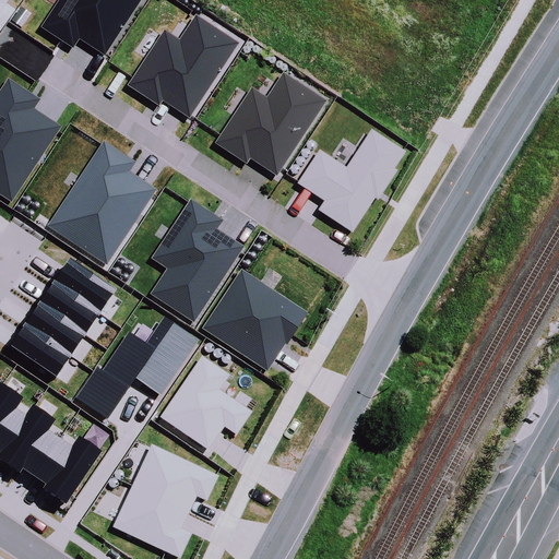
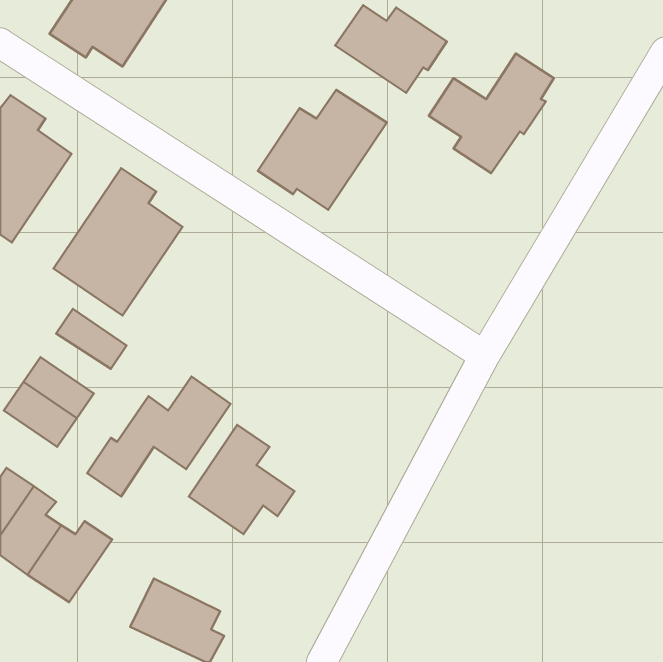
building: none -> [335,5,447,93]
building: [130,17,239,118] -> none
building: [299,132,404,233] -> [429,53,554,173]
building: [151,199,242,320] -> none
building: [202,270,306,369] -> none
building: [36,280,95,330] -> none
building: [131,443,216,512] -> none

